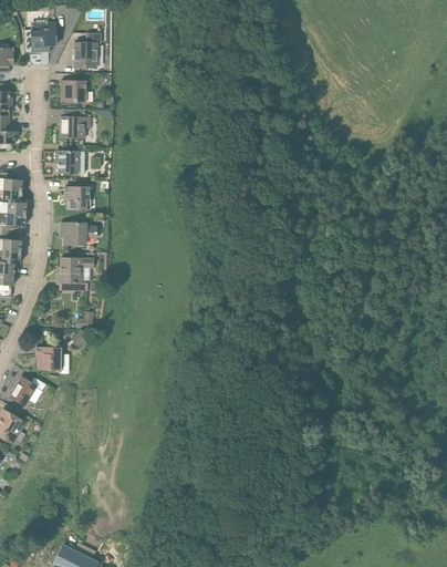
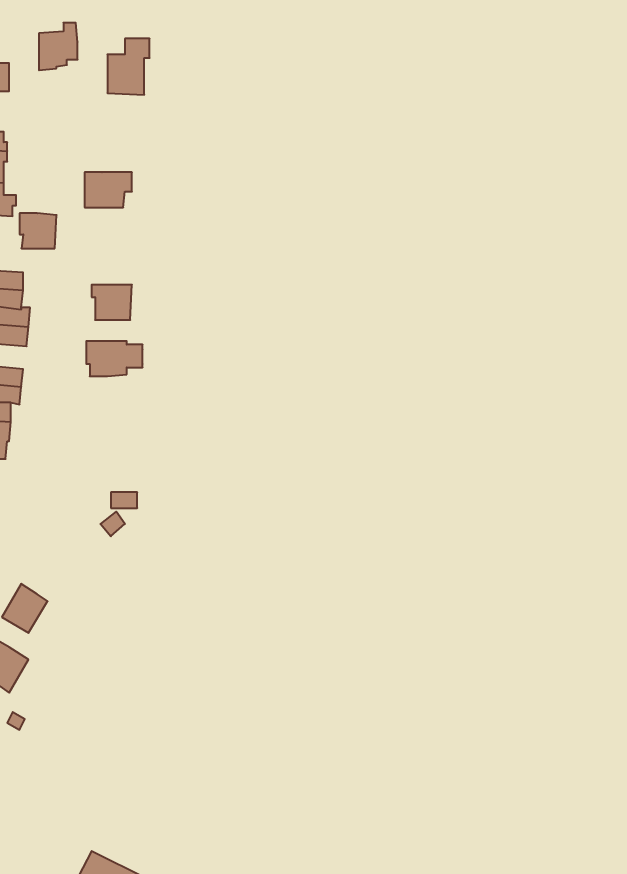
building: [61,80,85,102] -> none
building: [55,151,79,173] -> [20,213,57,248]
building: [56,258,94,291] -> none
building: [35,347,61,369] -> none

